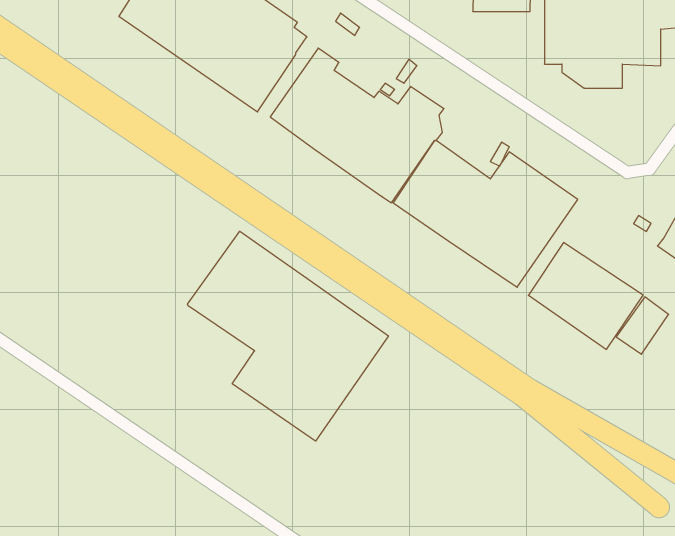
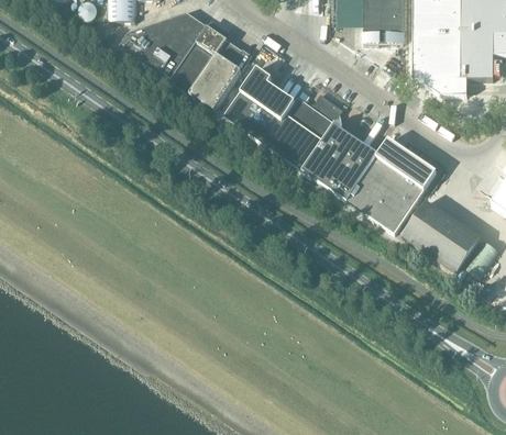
building: [188,231,388,441] -> none

